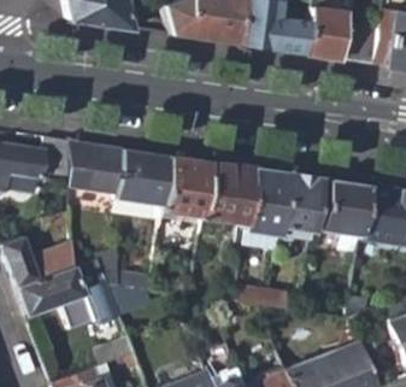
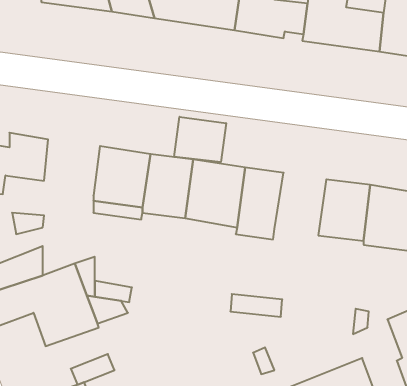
building: none -> [174,117,226,162]
building: [72,143,123,194] -> none
building: [281,174,319,229] -> none

